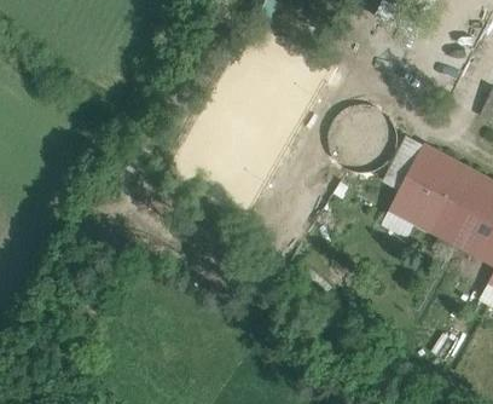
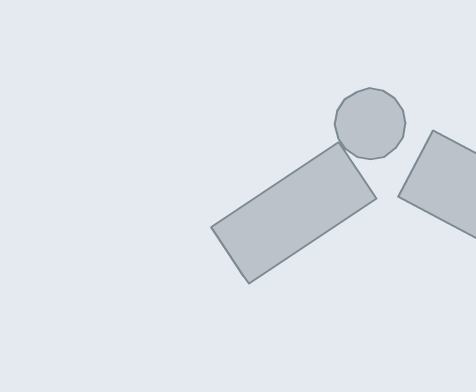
building: none -> [211,142,376,284]

